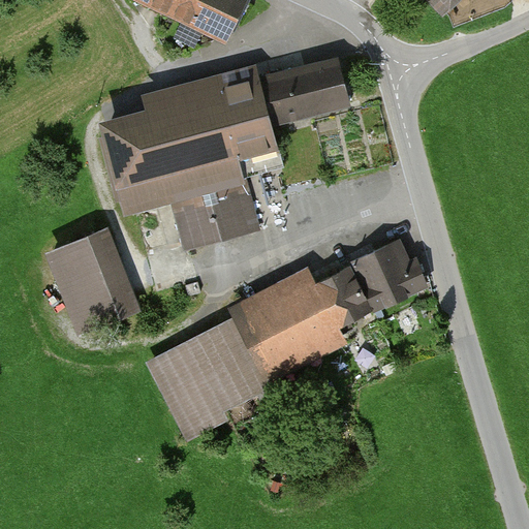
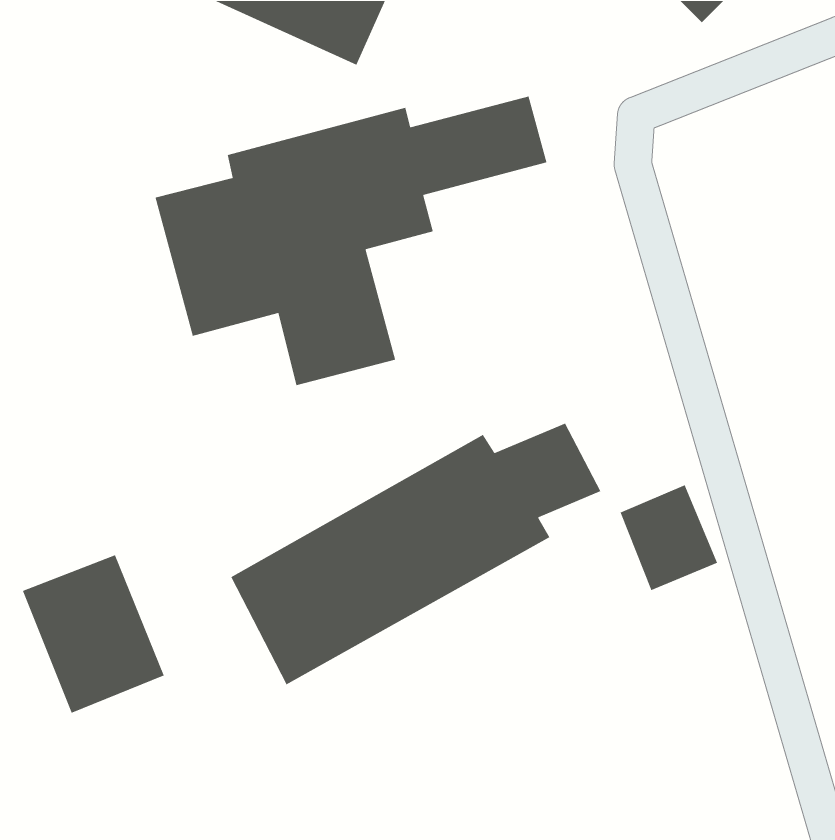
building: [45,231,135,332] -> [22,554,165,714]
building: [363,238,425,305] -> [619,484,718,591]

